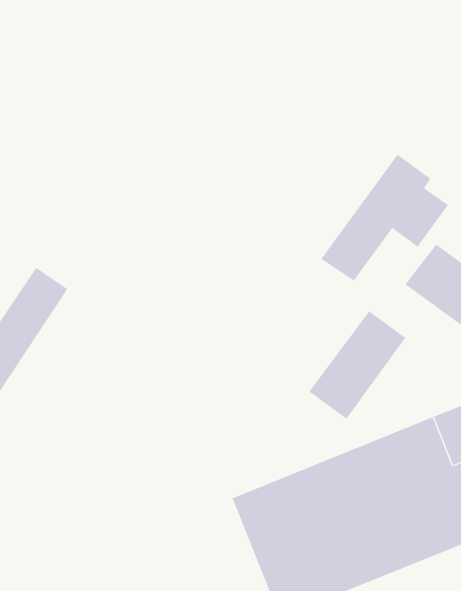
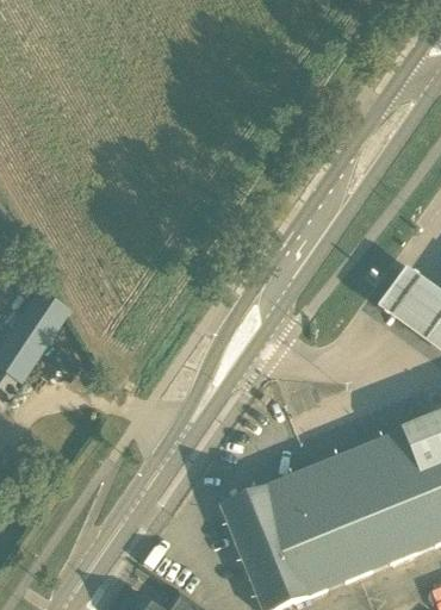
building: [321,154,449,281] -> none
building: [308,311,406,419] -> none

